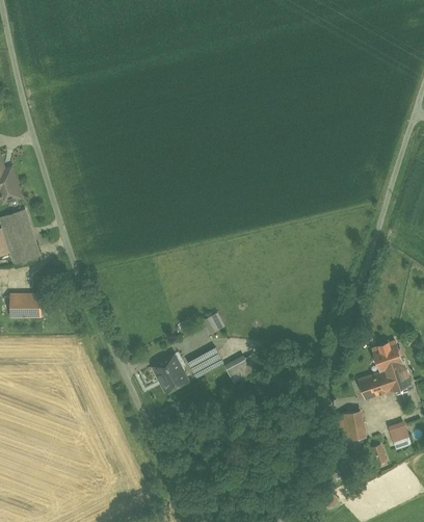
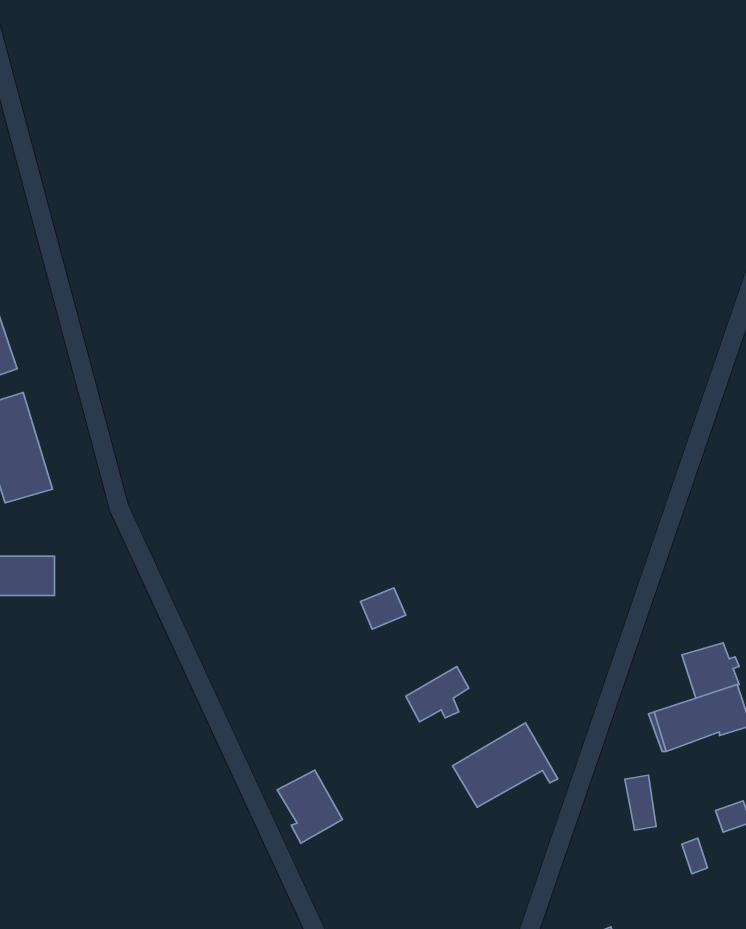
building: [188,347,223,377] -> none
building: [155,355,189,393] -> [277,770,342,843]
building: none -> [452,723,558,807]

